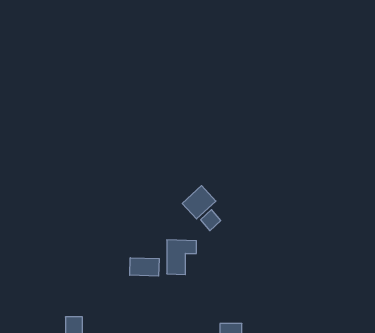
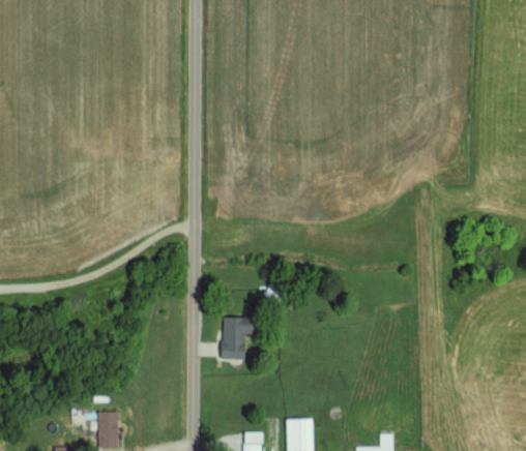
building: [182,186,216,219] -> none
building: [130,258,159,276] -> none

